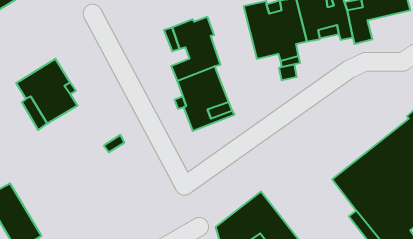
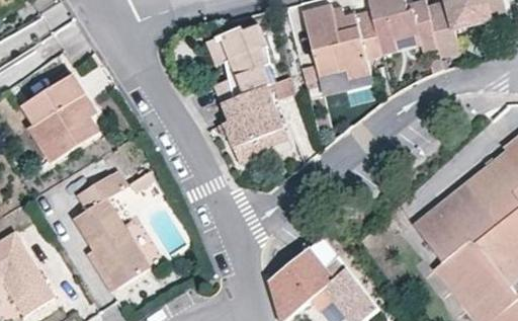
building: none -> [72,173,147,288]

